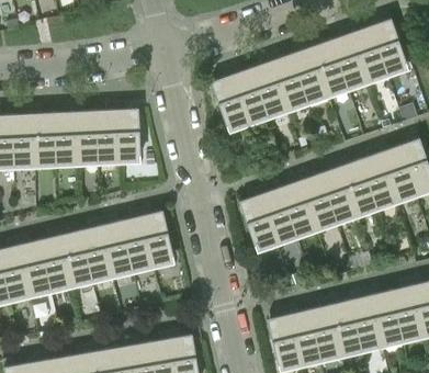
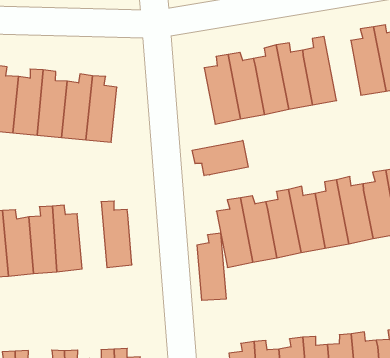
building: [308,39,347,97] -> none
building: none -> [192,140,248,176]
building: [122,212,154,271] -> [197,233,226,300]

